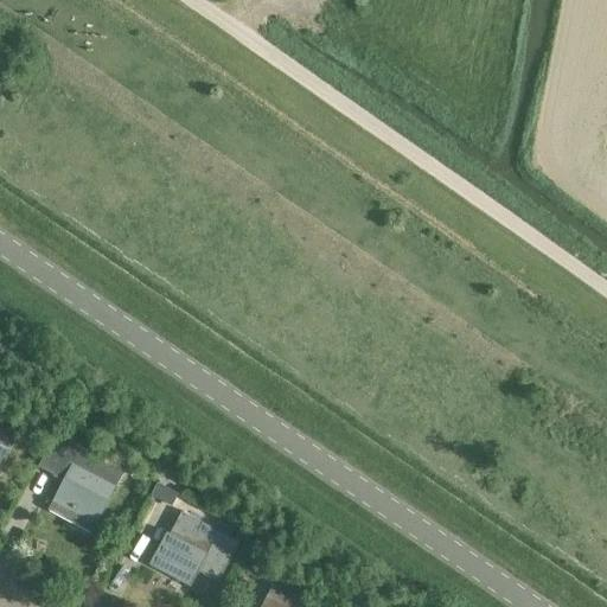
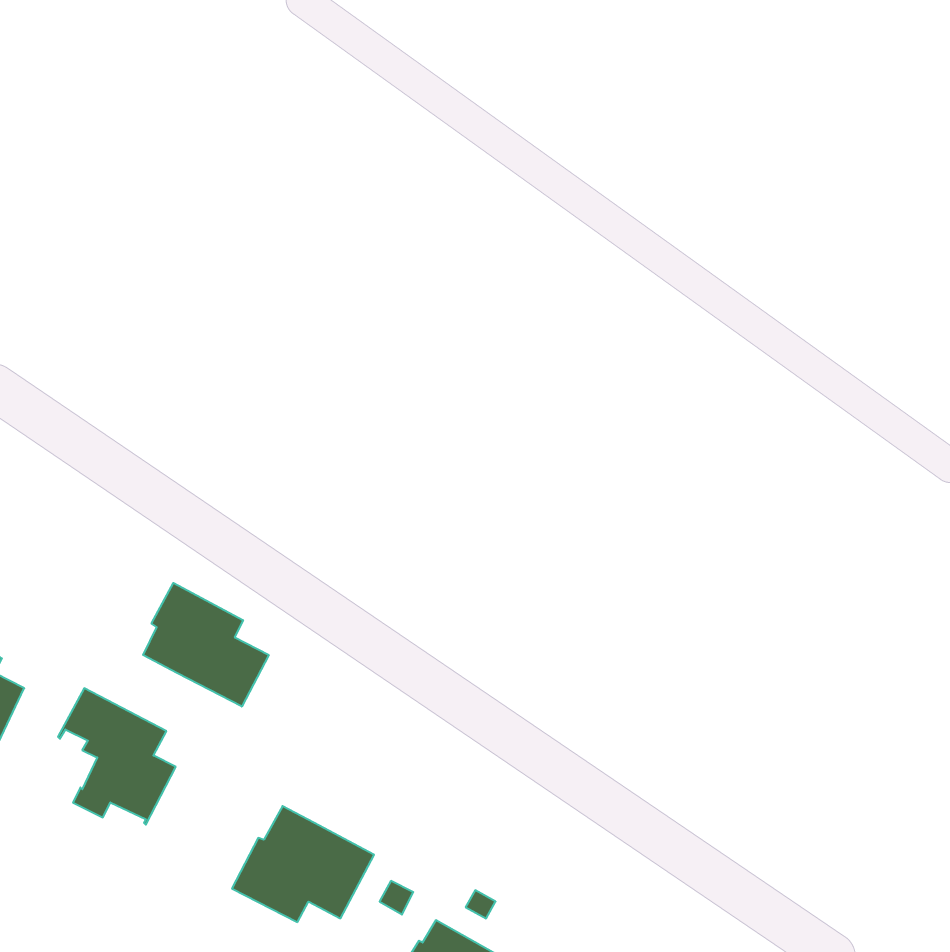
building: none -> [143,583,269,707]

